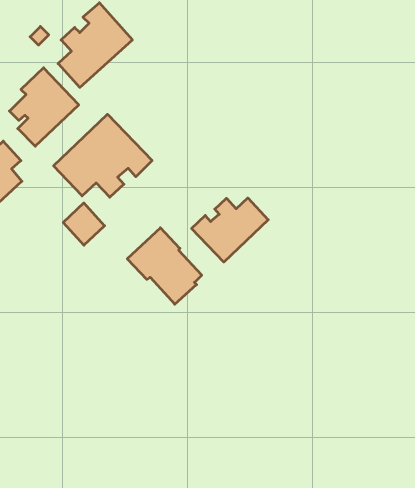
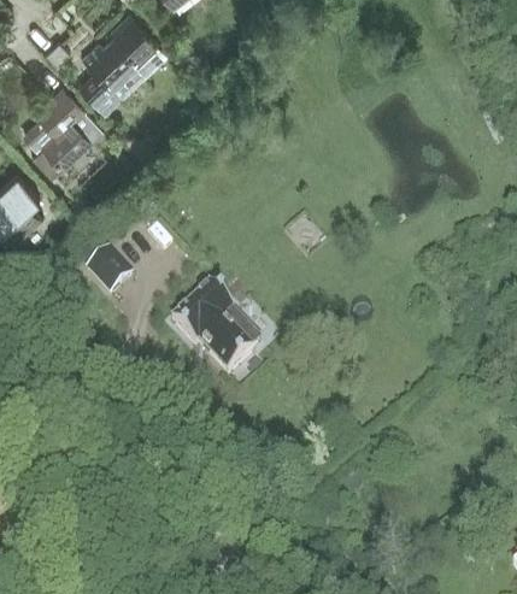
building: [54,114,152,197] -> none
building: [192,198,268,262] -> none

